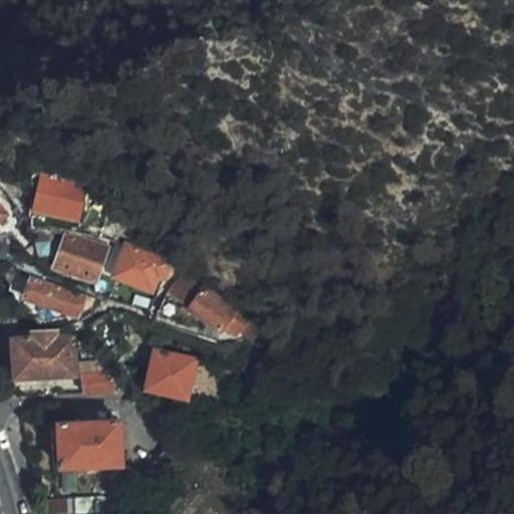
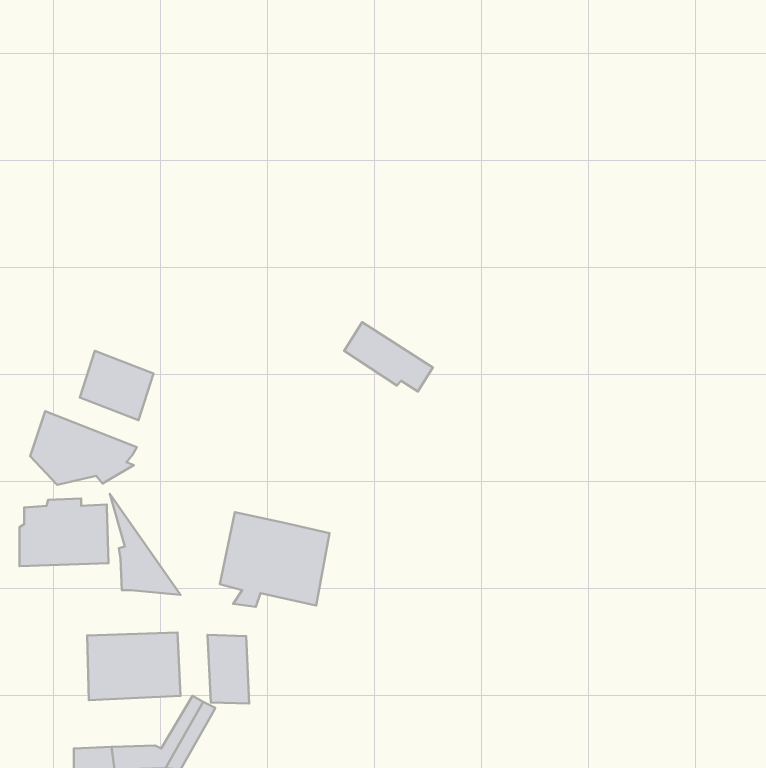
building: [35,183,80,218] -> none
building: [108,245,164,291] -> none
building: [186,286,245,332] -> [344,322,433,392]
building: none -> [208,635,249,703]

